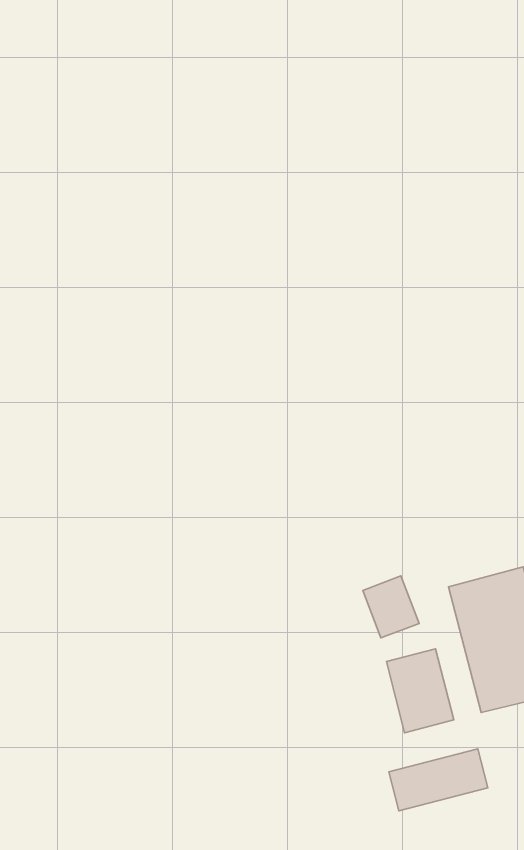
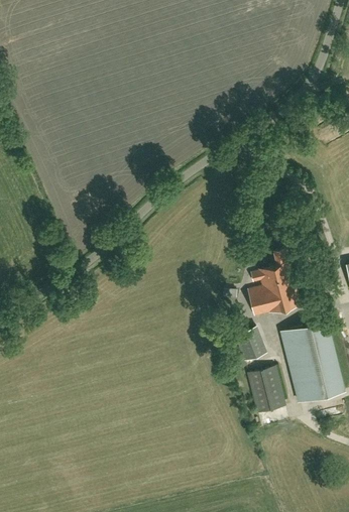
building: none -> [248,249,301,316]
building: [389,749,488,811] -> none

